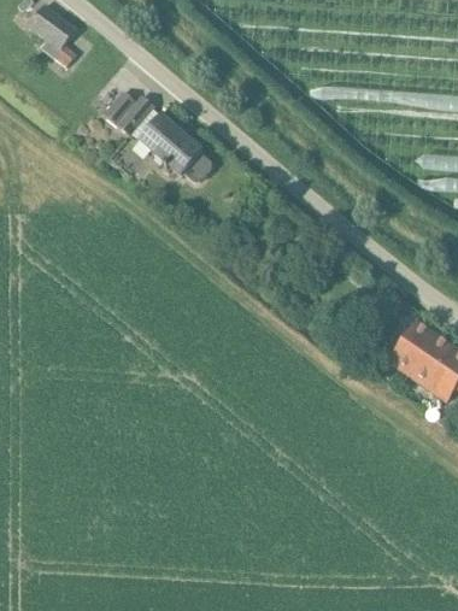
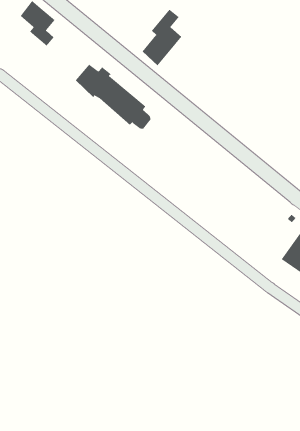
building: none -> [142,9,182,66]

